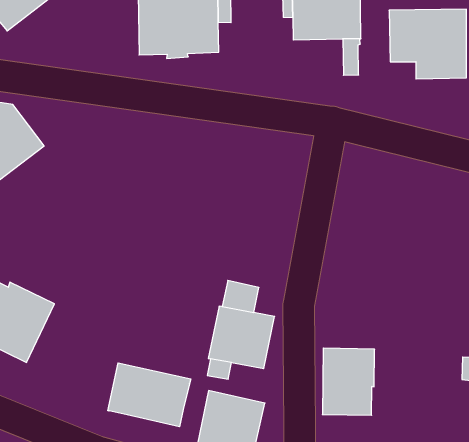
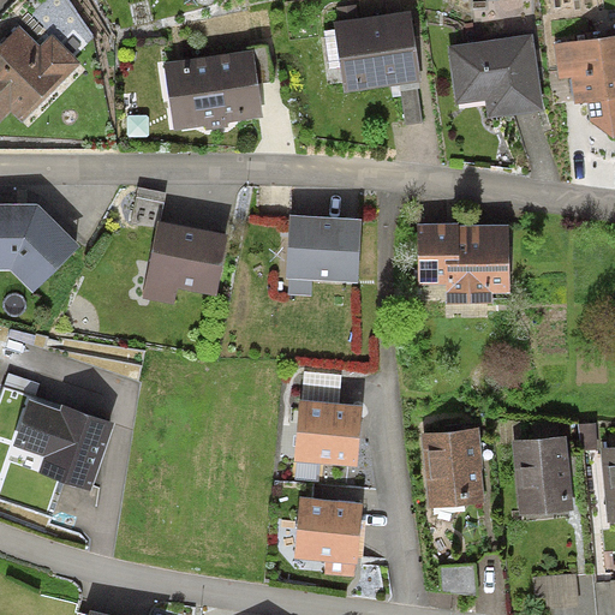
building: none -> [142,221,228,305]
building: none -> [285,214,362,295]
building: none -> [416,222,509,304]
building: [108,363,191,427] -> none
building: none -> [510,436,572,515]

